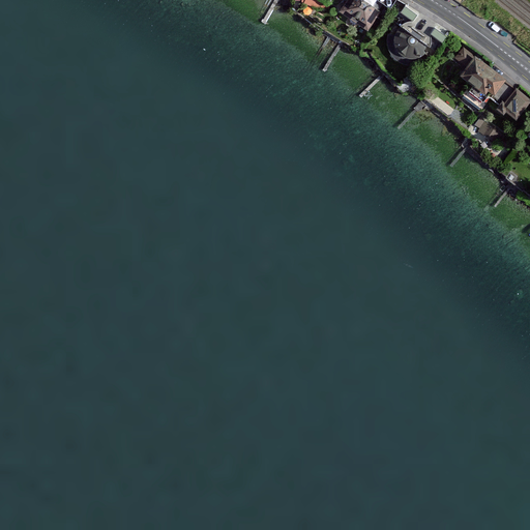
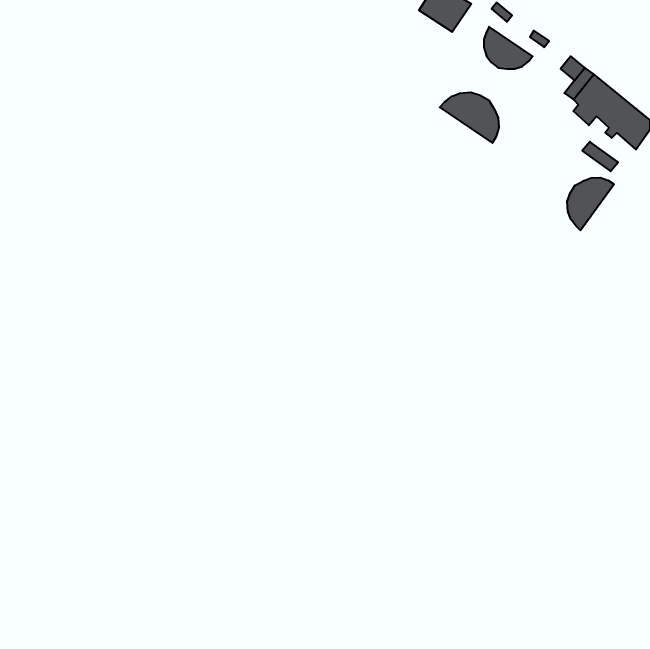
building: none -> [440,92,499,143]
building: none -> [567,178,614,230]

